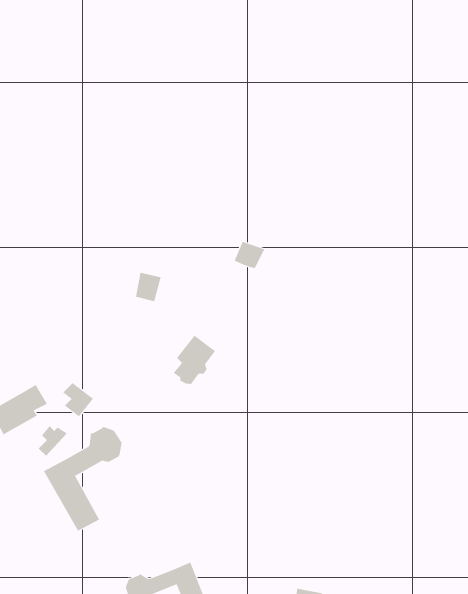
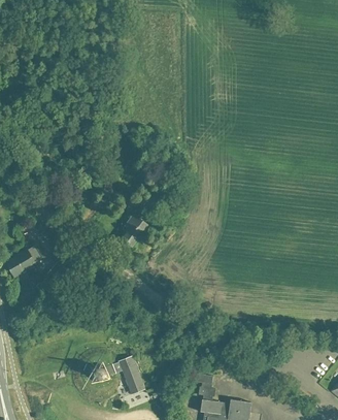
building: [43,426,122,531] -> none

